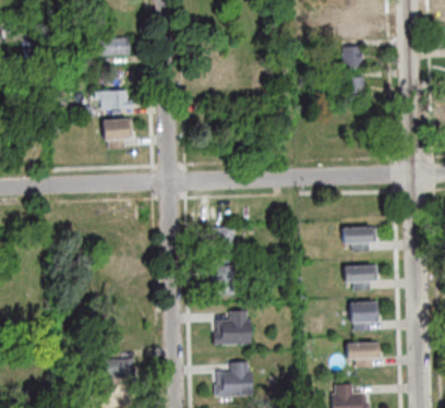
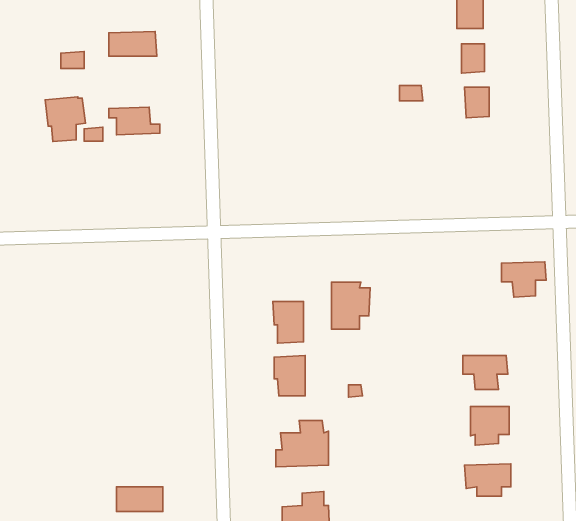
building: [104,119,132,151] -> [45,97,85,142]
building: none -> [331,282,370,329]
building: [345,227,376,252] -> [501,262,546,297]

